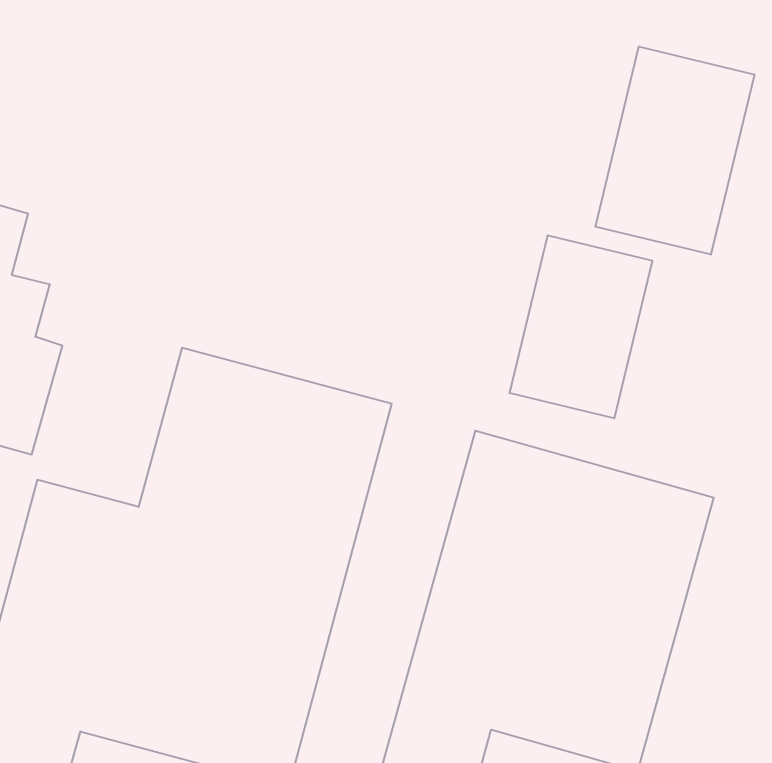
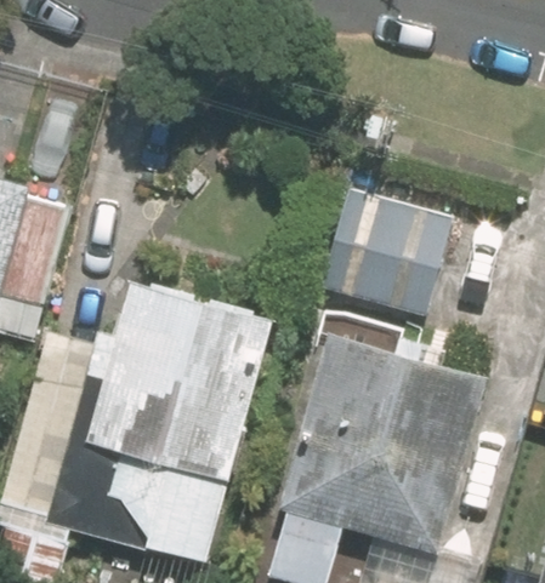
building: [595,46,754,255] -> none

